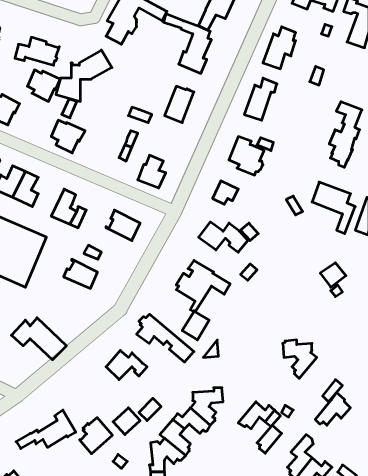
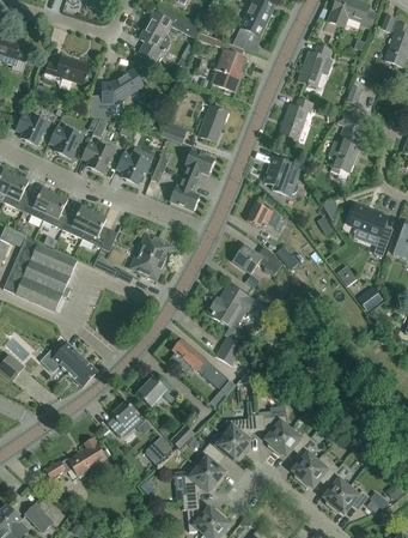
building: [27,70,60,101] -> [49,126,83,158]
building: [329,102,362,167] -> [329,113,363,180]
building: none -> [182,150,214,182]
building: none -> [116,152,150,185]
building: none -> [62,205,95,238]
building: [64,259,97,288] -> [129,250,164,280]
building: [283,340,317,378] -> [256,411,291,451]
building: [315,393,350,425] -> [300,454,336,488]
building: [80,418,112,454] -> [108,400,141,437]

